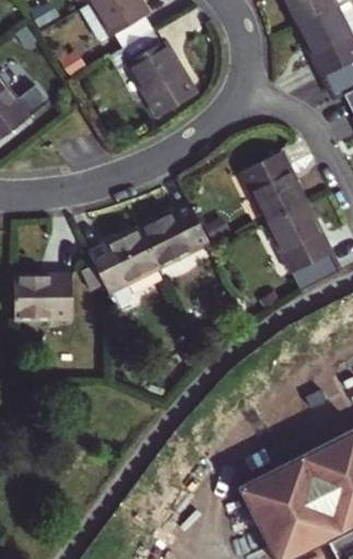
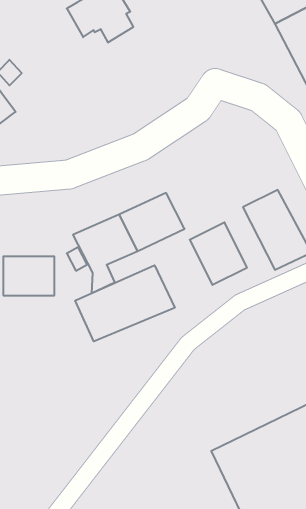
building: [109,31,195,111] -> none
building: [247,156,308,223] -> [190,222,247,285]
building: none -> [75,265,175,341]

